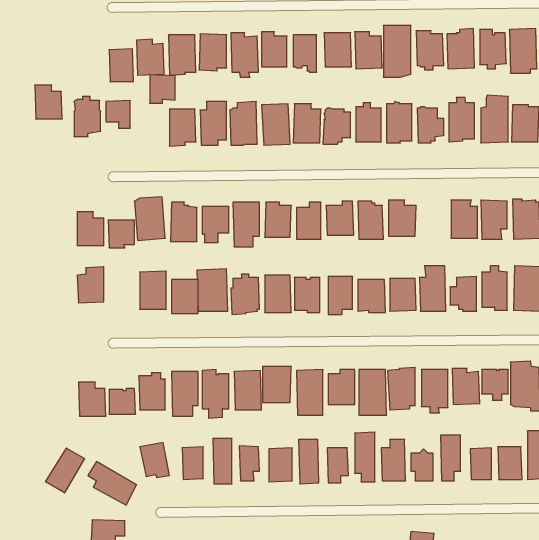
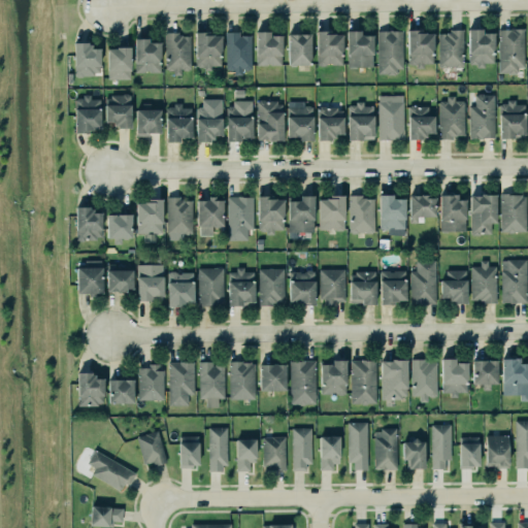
building: [150,75,175,103] -> [135,109,160,137]
building: [35,85,62,119] -> [75,43,102,76]
building: none -> [411,197,437,224]
building: none -> [104,265,134,289]
building: [46,448,84,493] -> none

